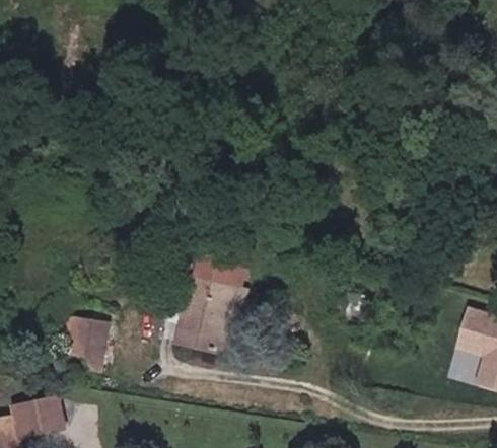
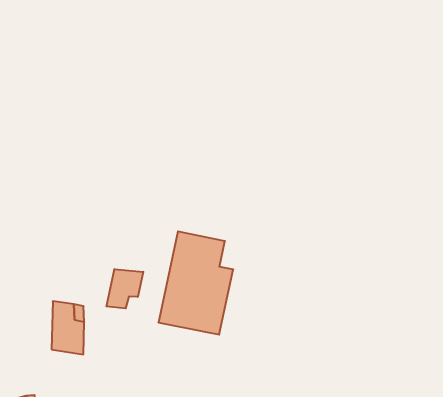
building: none -> [106,269,143,308]

